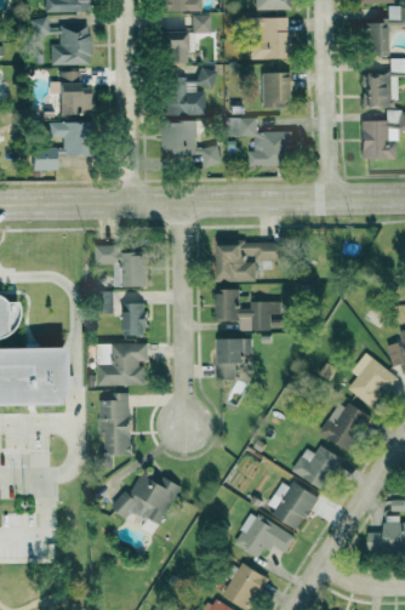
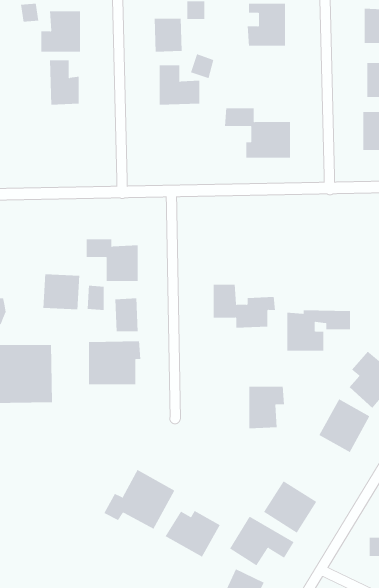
building: [261,74,290,109] -> none
building: [164,122,219,166] -> none
building: [33,124,89,171] -> none
building: [218,241,280,281] -> [287,310,351,351]
building: none -> [43,274,80,310]
building: [217,338,252,380] -> [248,386,285,429]
building: [98,393,131,455] -> none
building: [292,445,343,491] -> none
building: none -> [165,510,221,558]

